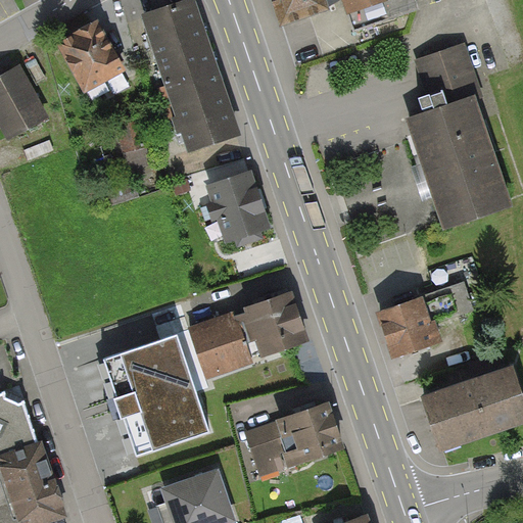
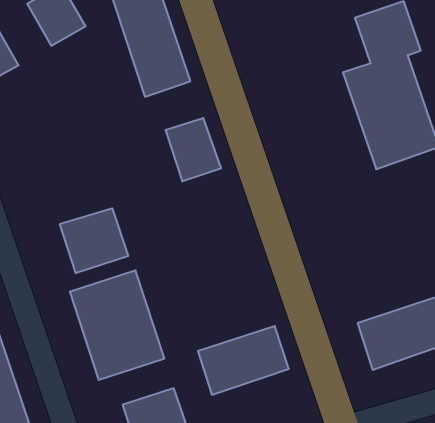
building: none -> [60,208,128,273]
building: [377,284,471,355] -> none
building: [189,291,308,379] -> none

